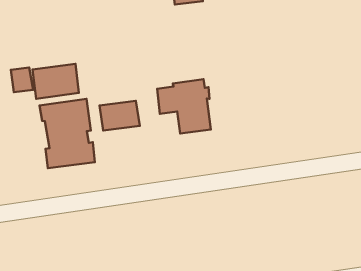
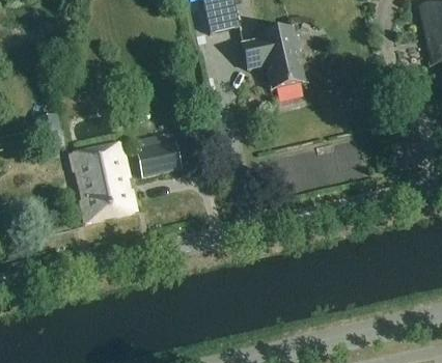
building: [33,64,79,99] -> none
building: [157,79,211,134] -> [243,27,305,88]

